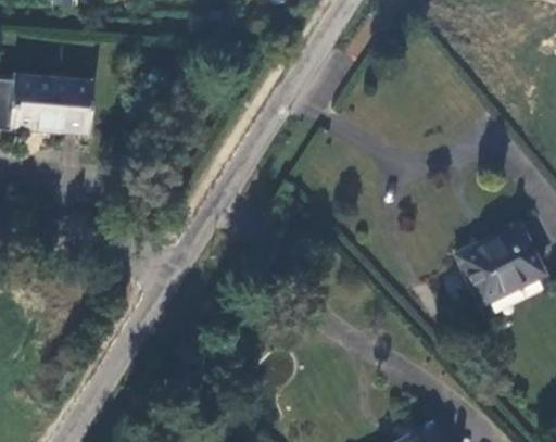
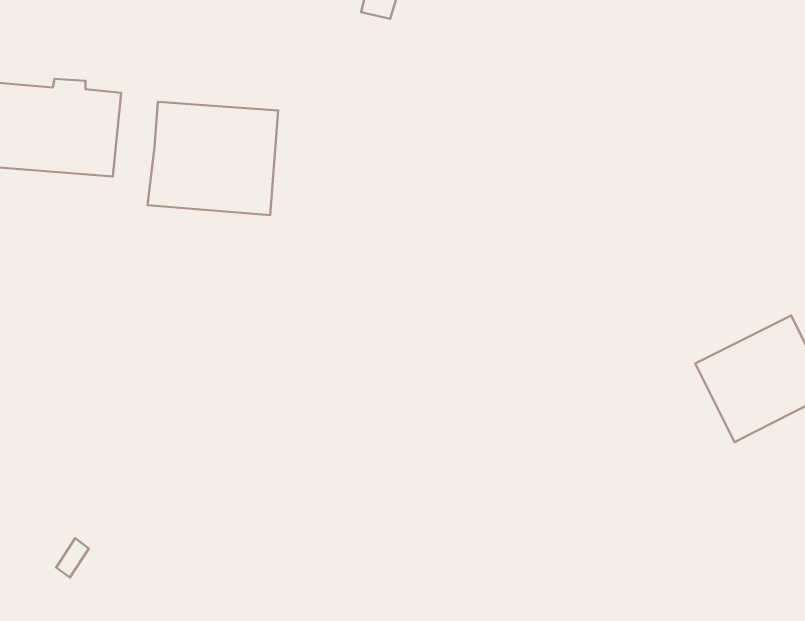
building: none -> [148,102,278,215]

